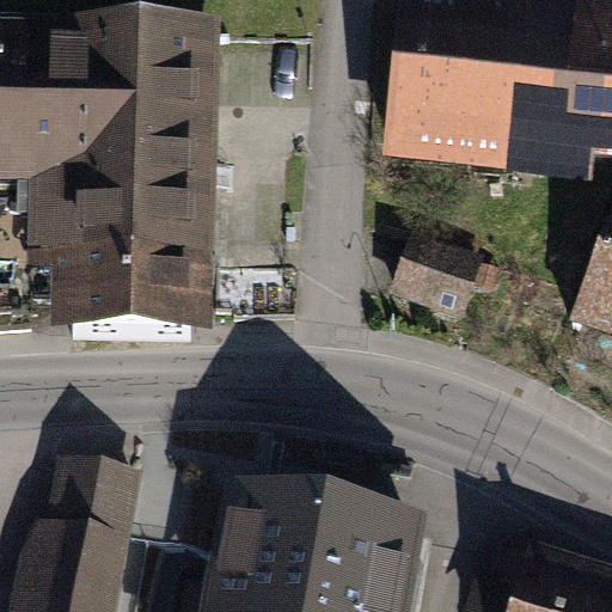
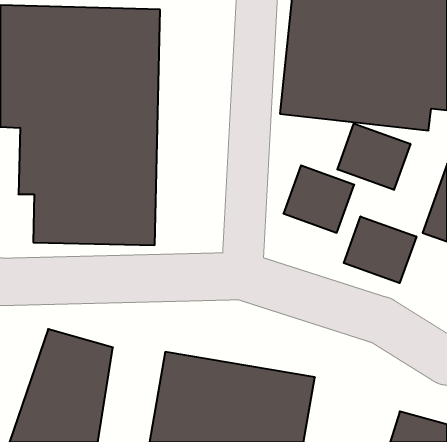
building: none -> [337,123,410,190]
building: none -> [344,216,416,283]

